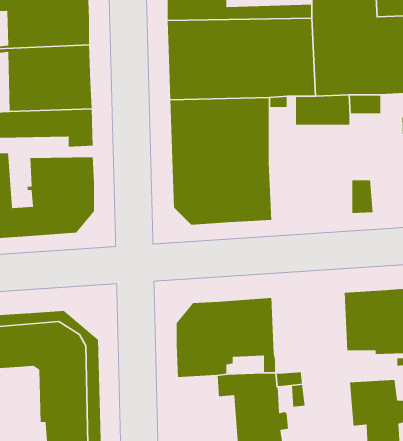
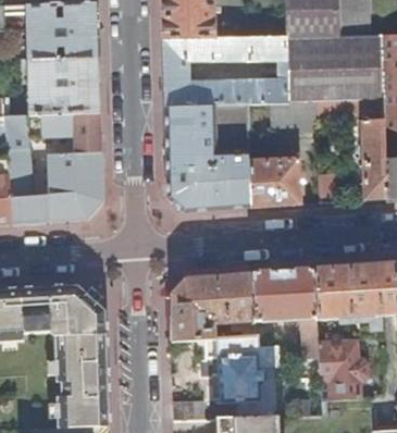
building: none -> [250,158,300,208]
building: none -> [252,269,319,357]

